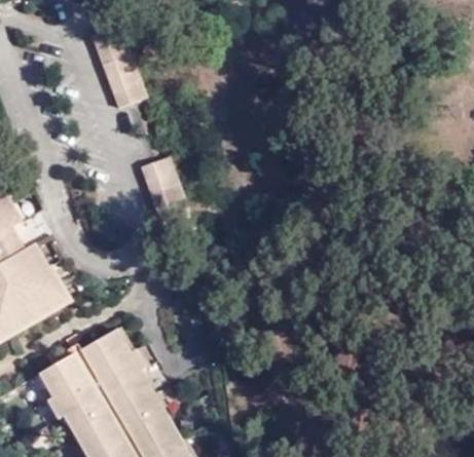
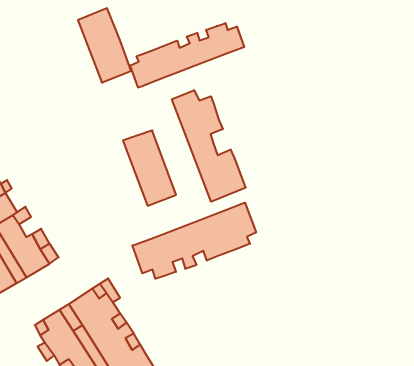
building: none -> [130,23,244,88]
building: none -> [172,90,246,202]
building: none -> [132,203,256,279]

